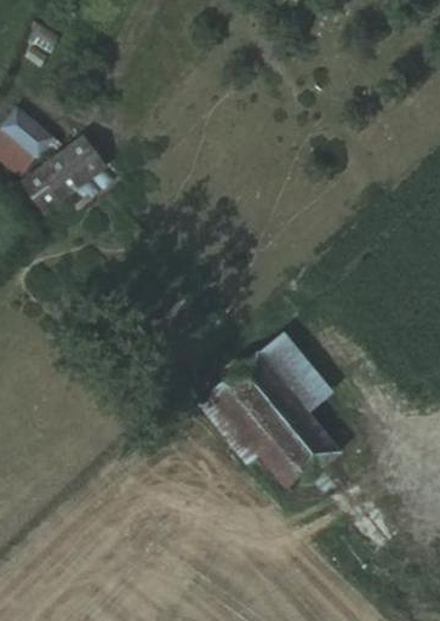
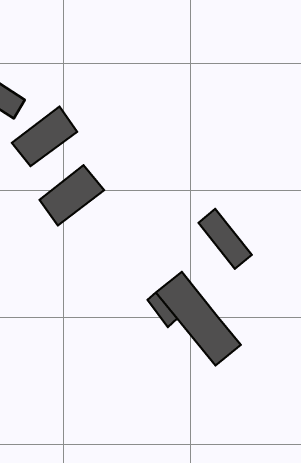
building: none -> [39,165,104,225]
building: [247,338,316,416] -> [198,209,252,269]

